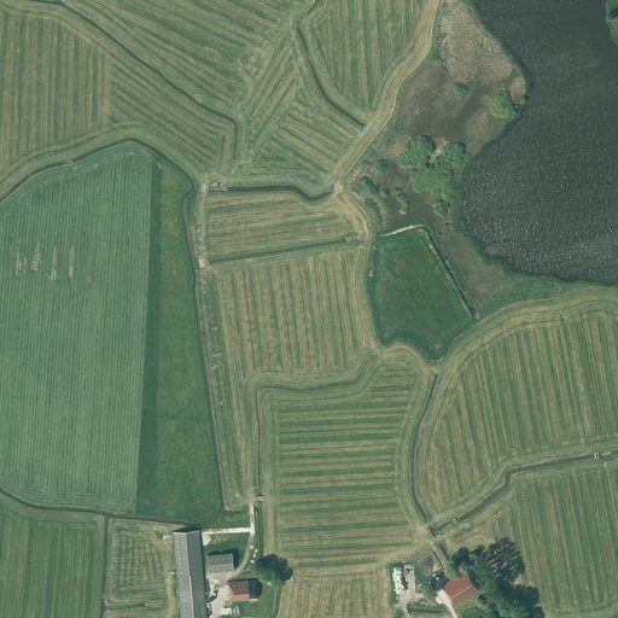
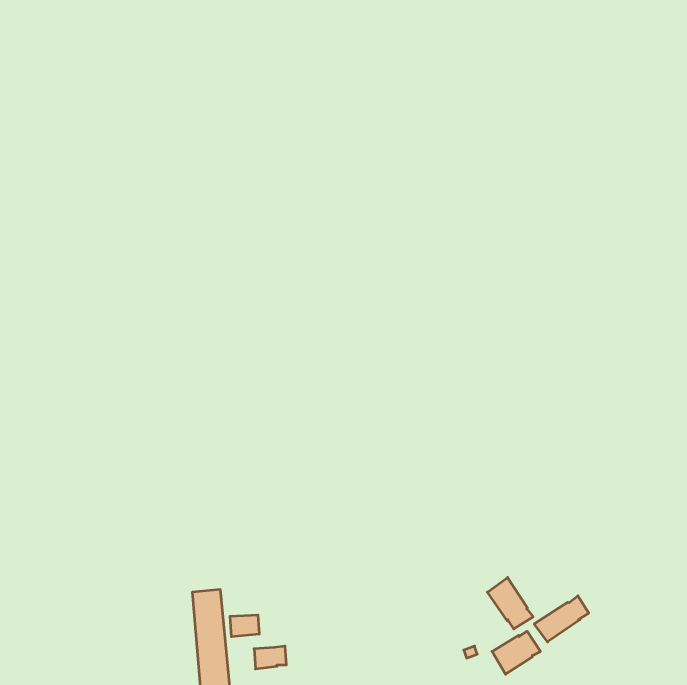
building: none -> [487,577,533,629]
building: none -> [534,596,589,642]

